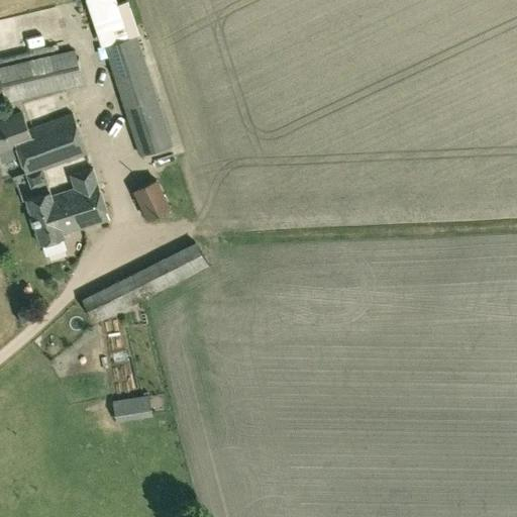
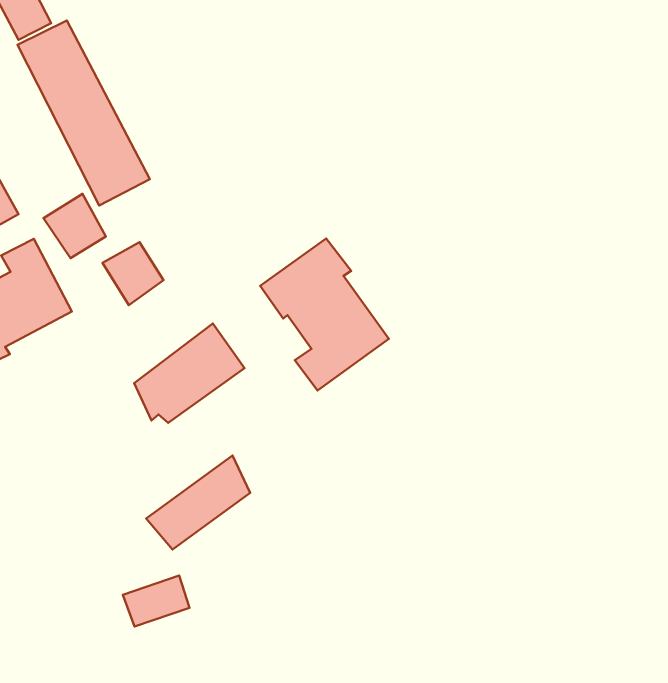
building: none -> [43,194,106,258]
building: none -> [260,238,389,391]
building: [80,271,147,323] -> [146,456,250,549]

